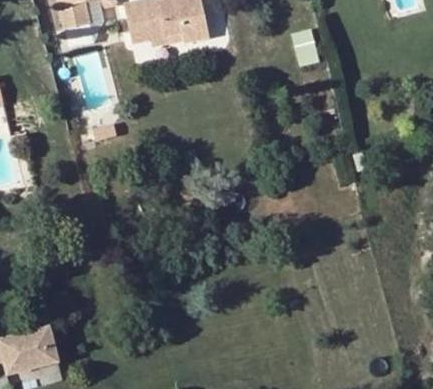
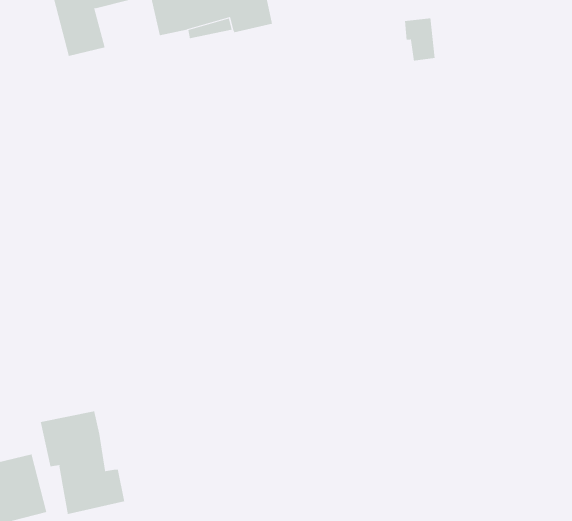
building: none -> [40,410,125,515]

